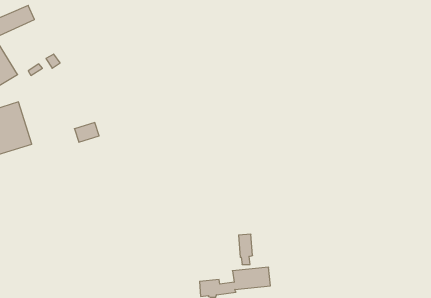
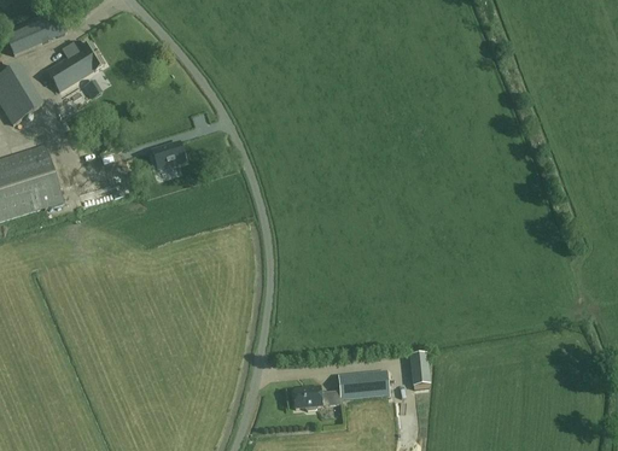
building: none -> [45,41,103,90]
building: [74,123,99,142] -> [151,141,185,168]
building: [239,234,253,264] -> [409,353,428,394]

